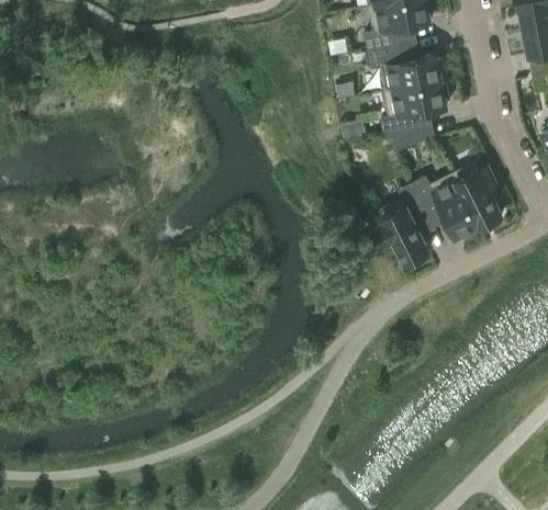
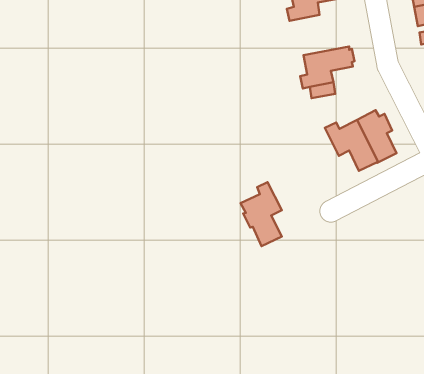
building: [369,49,444,95] -> none
building: [378,186,429,267] -> [240,182,282,246]

